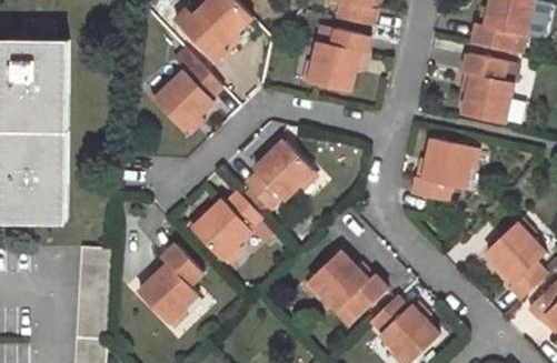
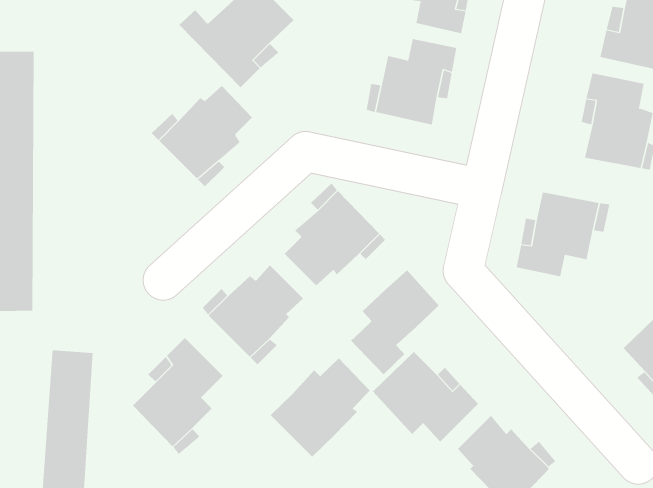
building: none -> [350,270,440,375]
building: none -> [270,358,371,457]

